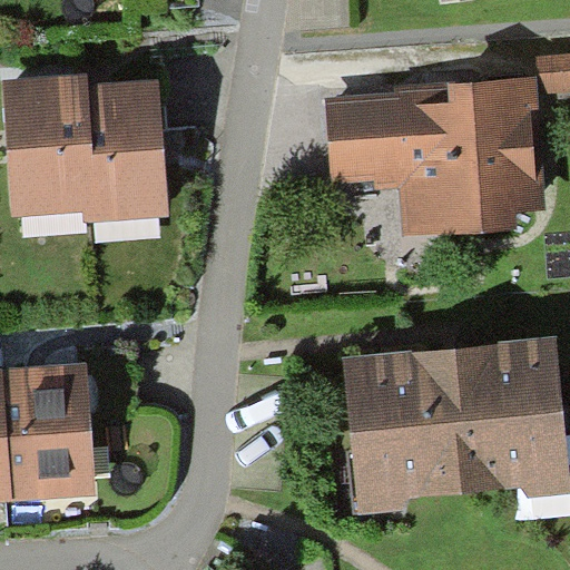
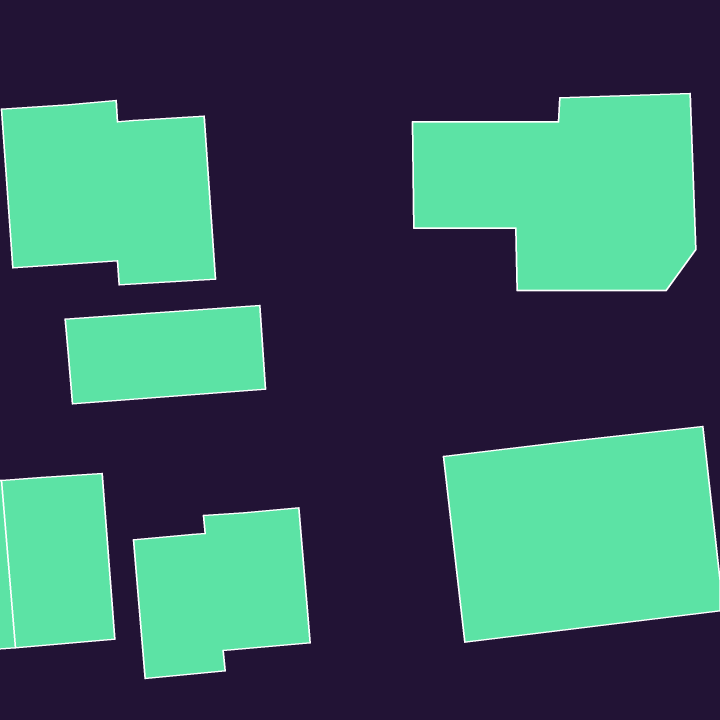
building: none -> [65,306,266,404]
building: none -> [133,508,310,679]

